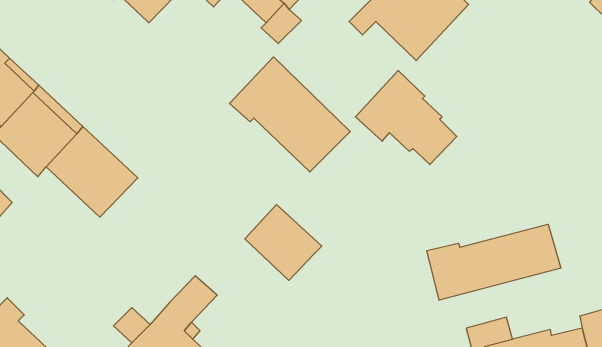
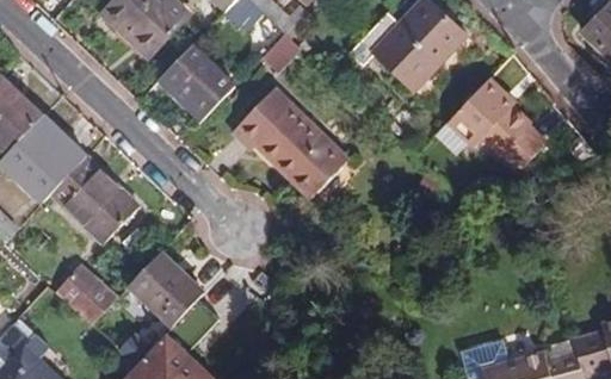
building: none -> [159,44,235,122]
building: [355,70,457,165] -> [448,79,547,170]
building: [245,205,322,280] -> [129,253,204,327]
building: [427,224,561,300] -> none
building: none -> [56,262,118,325]

